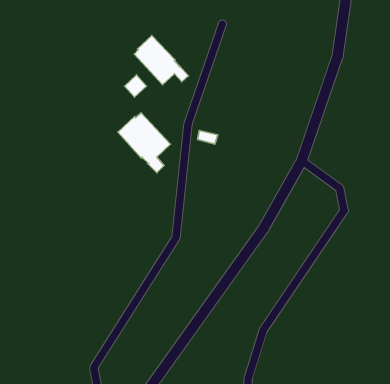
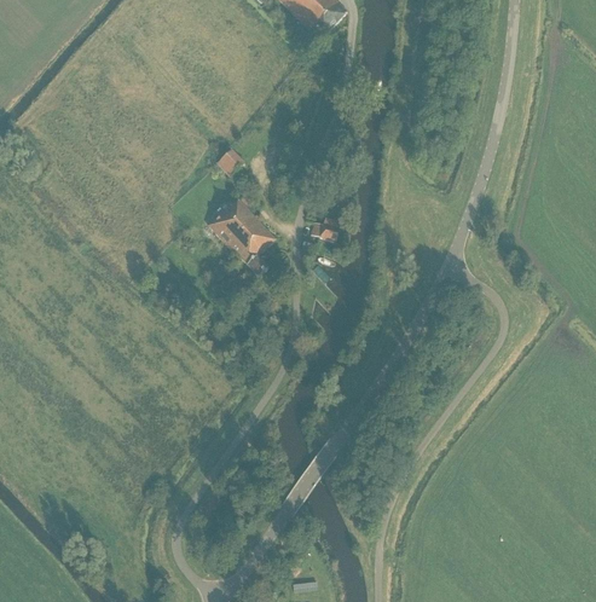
building: [134,36,189,85] -> none

